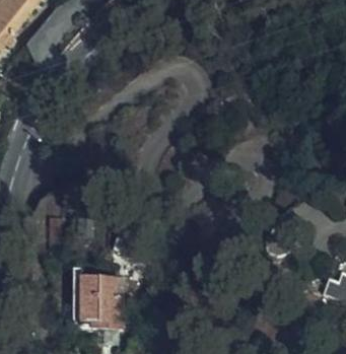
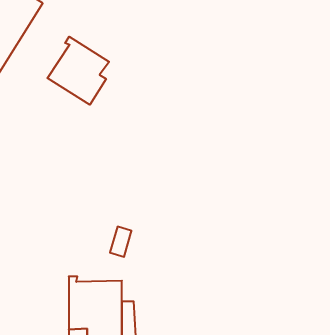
building: none -> [47,37,109,105]

